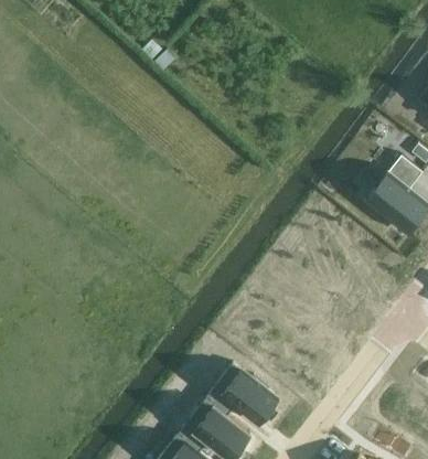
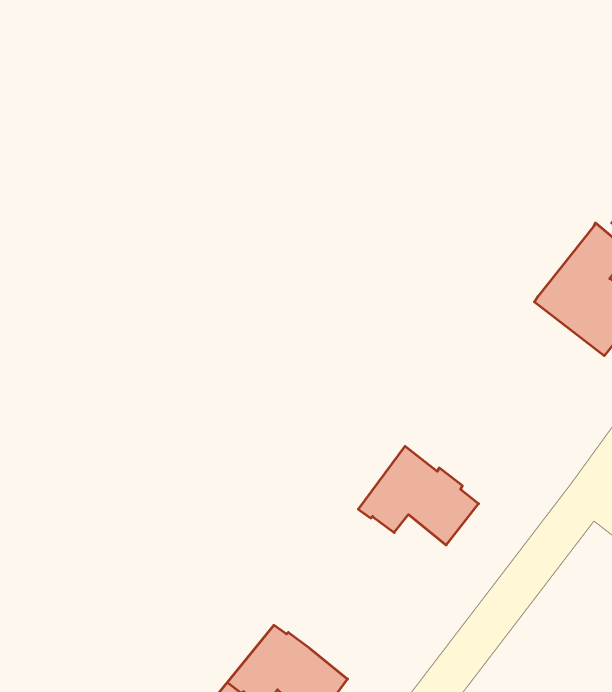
building: [205,362,279,423] -> [358,446,479,545]

